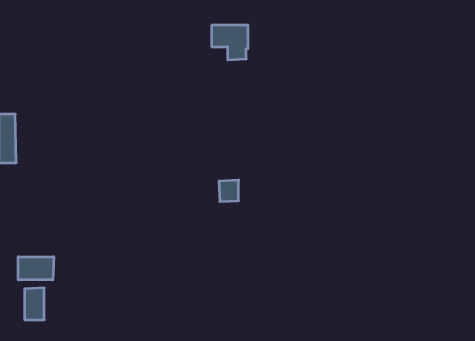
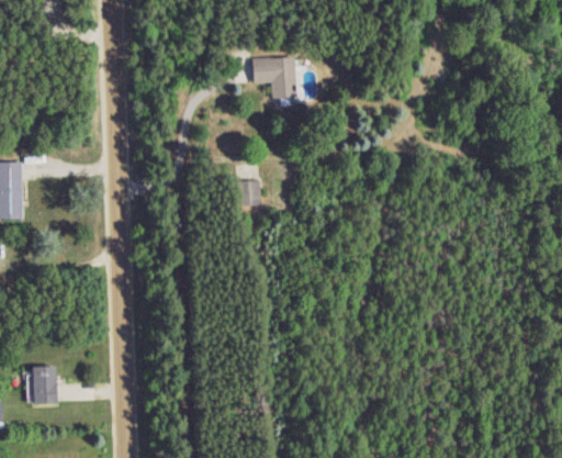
building: [219,180,239,202] -> [237,180,260,205]
building: [18,257,54,280] -> none

